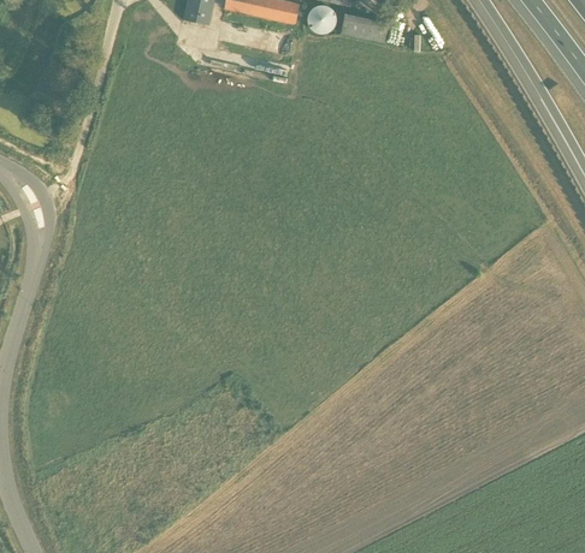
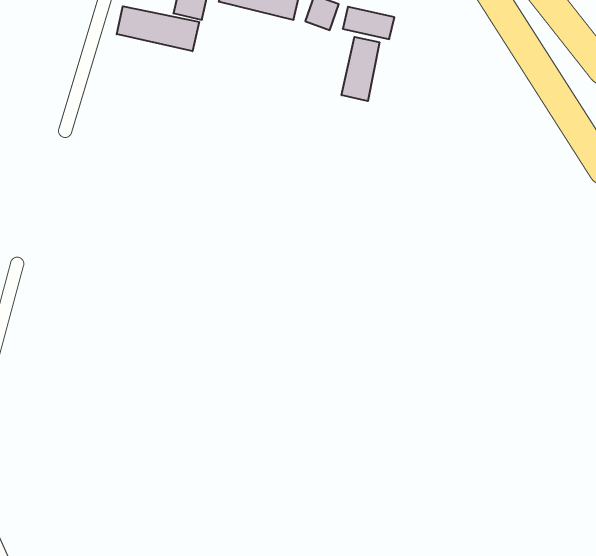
building: none -> [117,6,199,51]
building: none -> [342,37,379,101]

